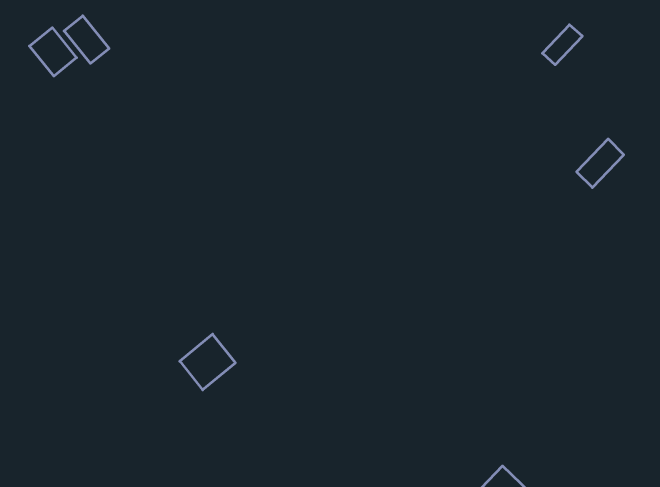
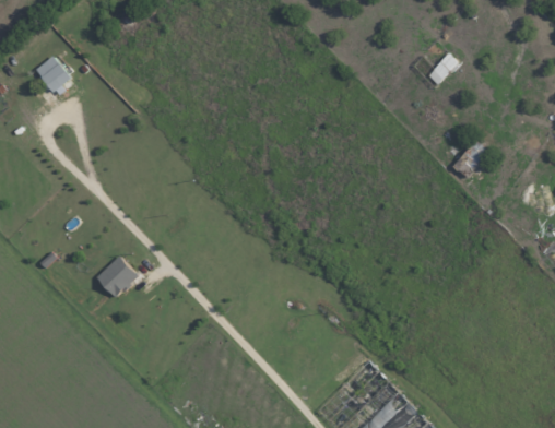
building: [64,16,109,63] -> none
building: [180,334,235,390] -> [95,255,138,298]

